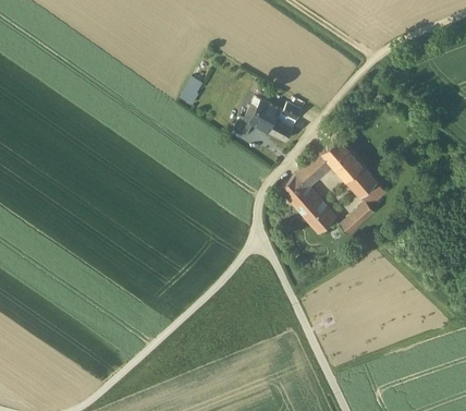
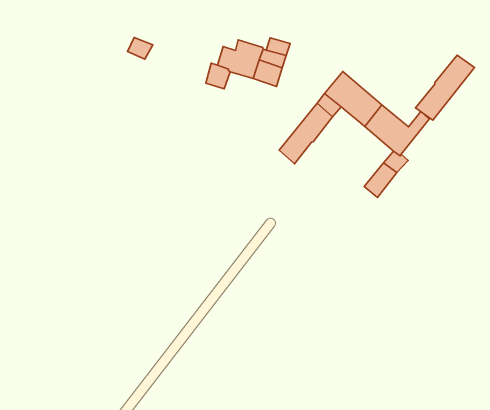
building: none -> [416,55,475,120]
building: [291,186,335,233] -> none

